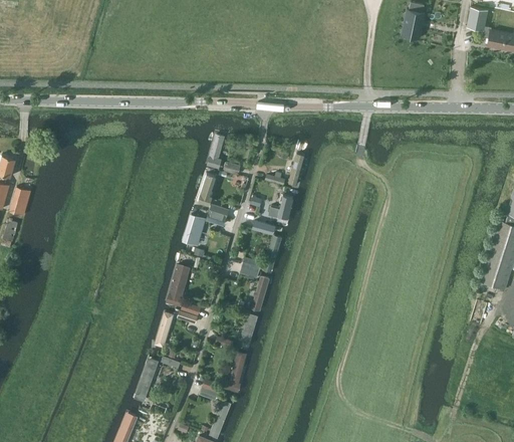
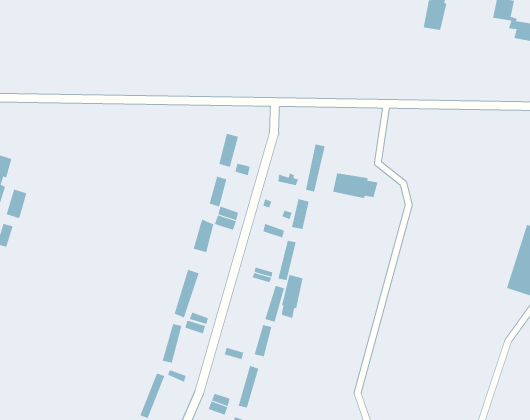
building: none -> [333,172,378,199]
building: none -> [281,274,303,319]

